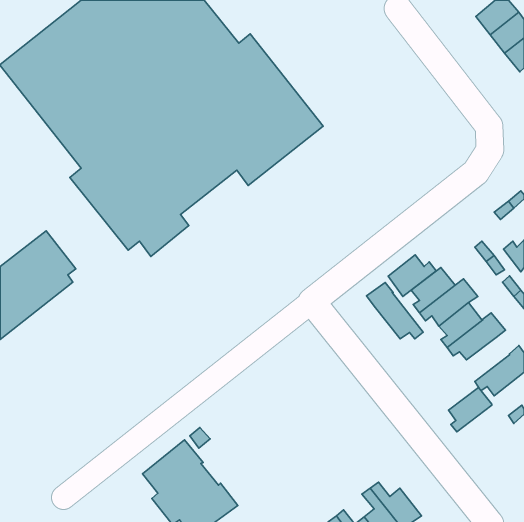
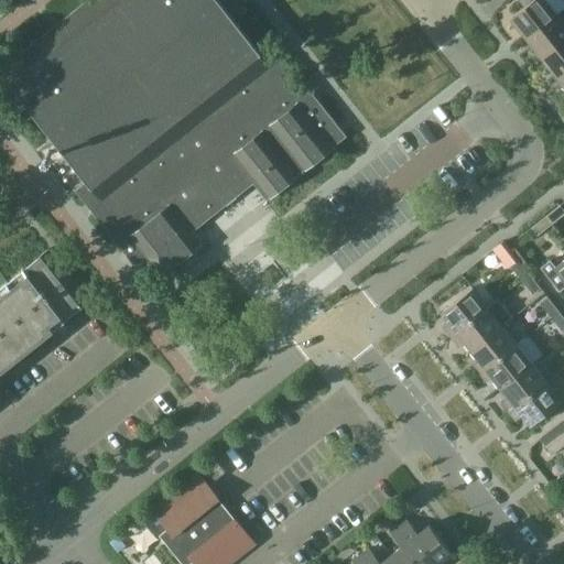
building: [388,255,436,297] -> none
building: [366,282,423,339] -> none
building: [449,388,492,432] -> [501,365,547,412]

